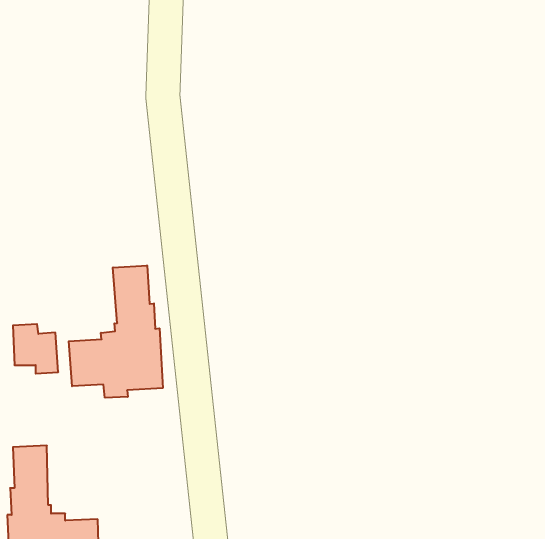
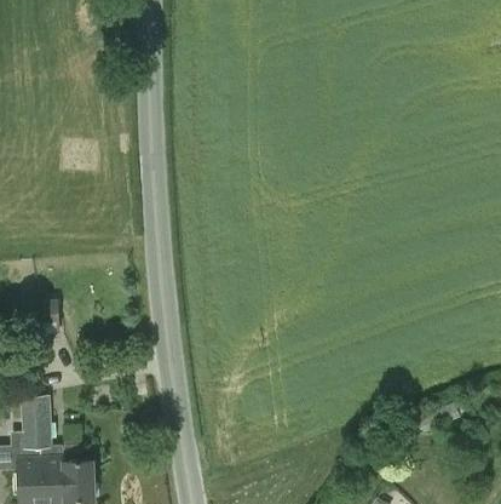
building: [69,265,163,398] -> none

